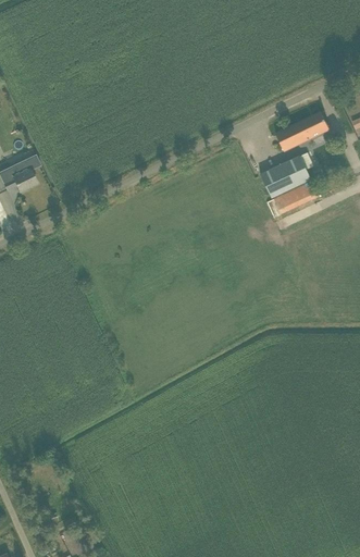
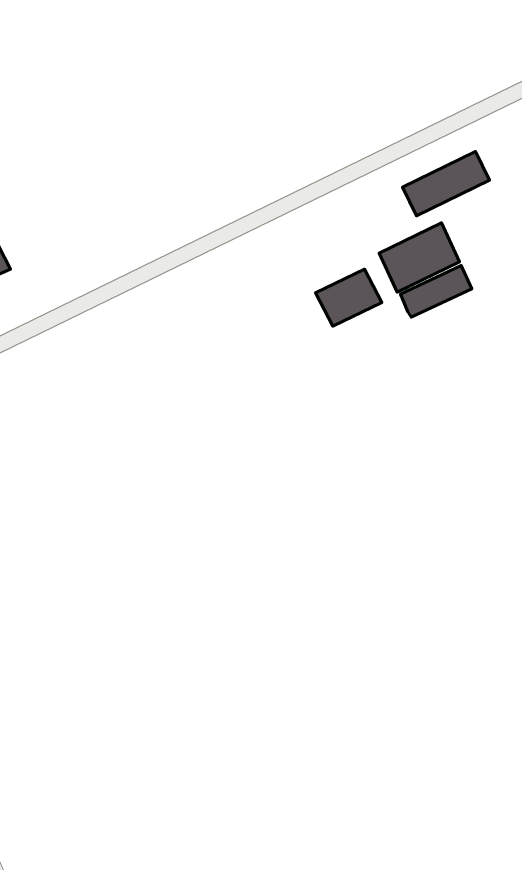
building: none -> [316,269,382,326]

